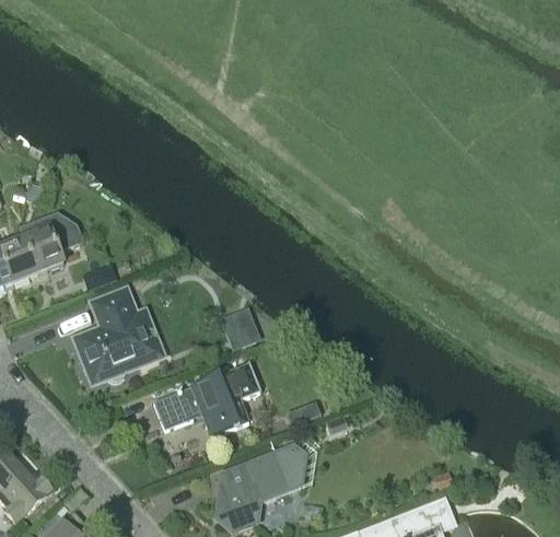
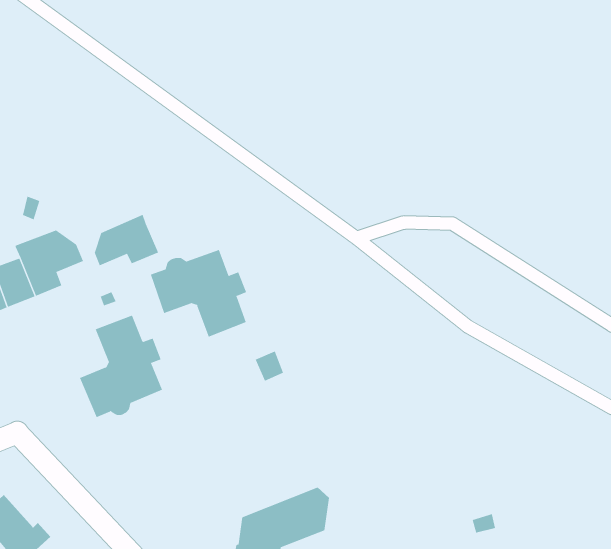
building: none -> [94,214,159,266]
building: none -> [150,249,247,338]
building: [152,361,259,435] -> none

